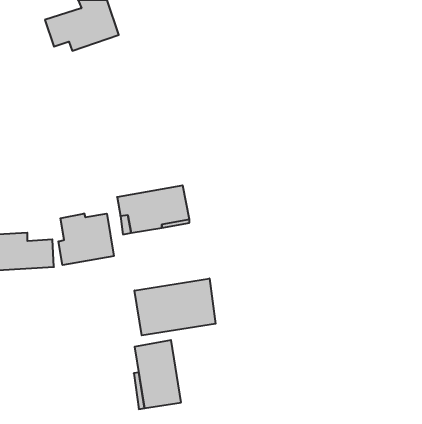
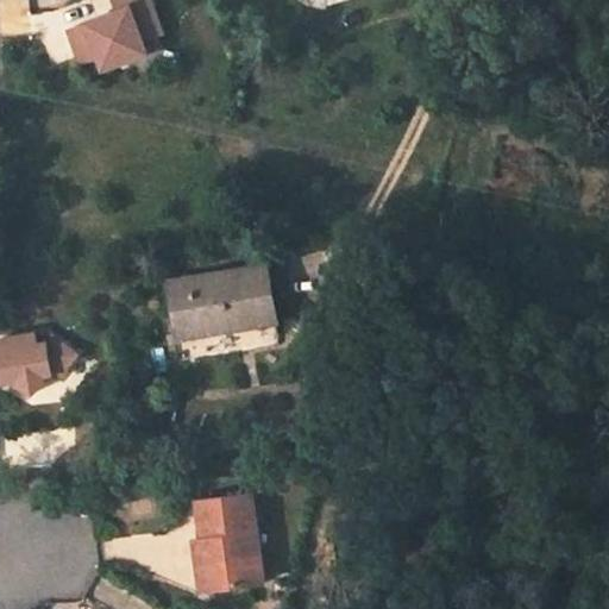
building: [58,213,114,265] -> none
building: [135,278,216,335] -> none

